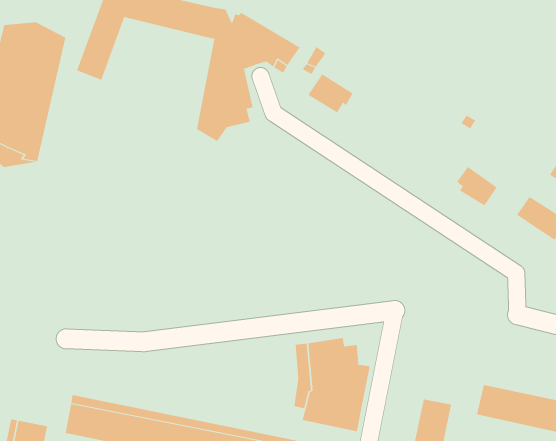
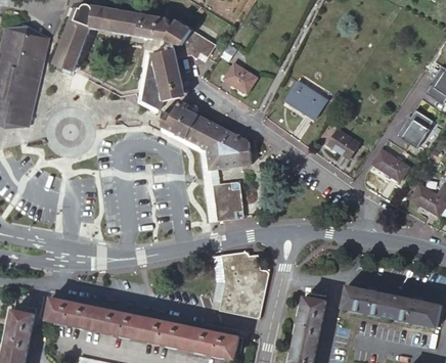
building: none -> [283,83,324,121]
building: none -> [160,102,250,169]
building: none -> [210,179,242,221]

